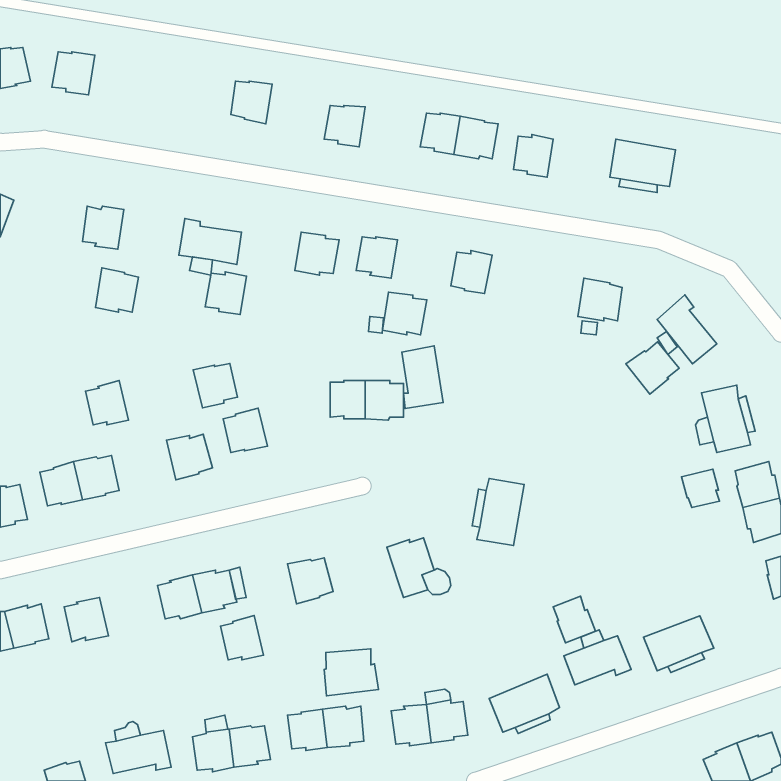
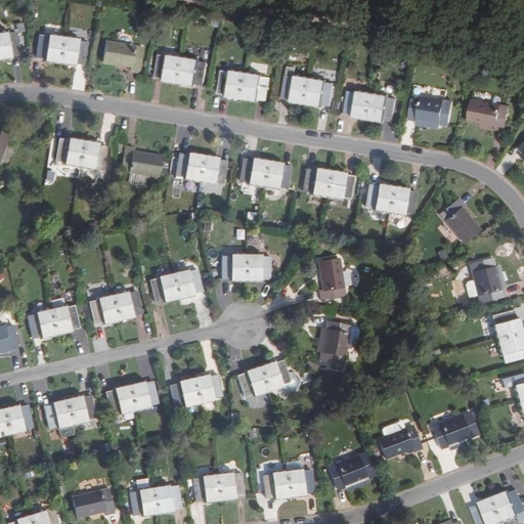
building: none -> [59,37,87,66]
building: none -> [101,42,143,72]
building: none -> [178,56,207,85]
building: none -> [241,72,269,100]
building: none -> [467,92,510,131]
building: none -> [366,93,395,122]
building: none -> [324,171,354,200]
building: [96,268,138,312] -> [79,140,107,170]
building: [205,272,246,315] -> [174,152,202,181]
building: none -> [365,184,391,212]
building: [382,292,427,335] -> [262,161,292,189]
building: [626,342,679,394] -> none
building: [402,346,443,409] -> [318,258,346,300]
building: [193,364,238,408] -> [173,269,203,299]
building: [86,380,128,425] -> [89,295,118,324]
building: [681,469,719,508] -> none
building: none -> [236,366,267,397]
building: none -> [67,395,96,426]
building: [553,596,595,643] -> none
building: [221,616,263,660] -> [170,378,199,407]
building: [324,649,379,696] -> none

